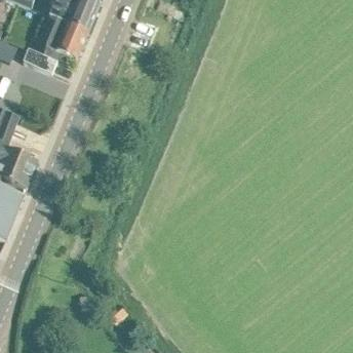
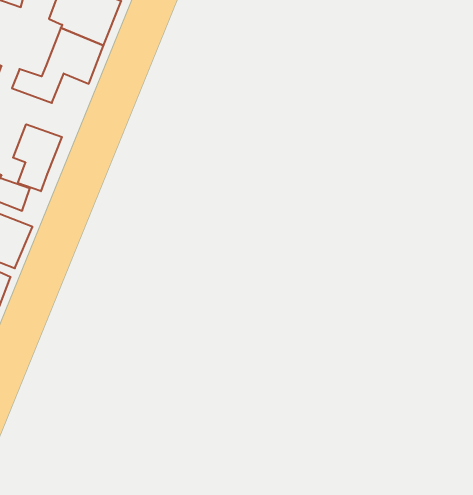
building: none -> [13,124,62,191]

